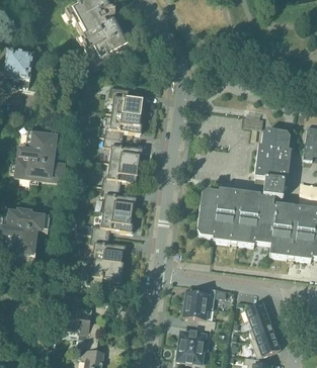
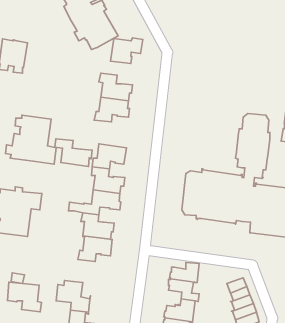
building: none -> [111,38,143,64]
building: [103,135,143,165] -> [55,139,92,166]
building: none -> [8,282,42,312]

